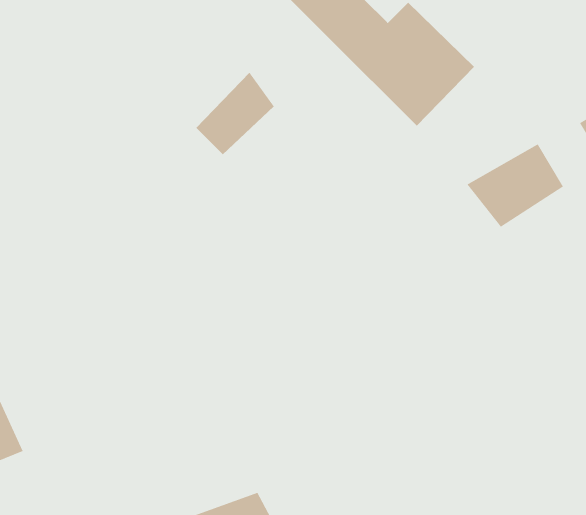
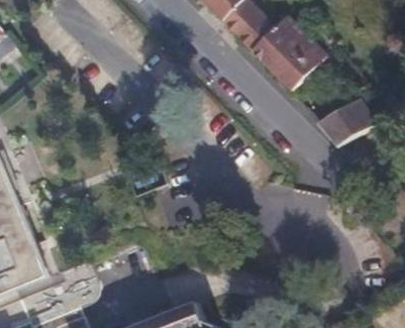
building: [195,72,275,155] -> none

